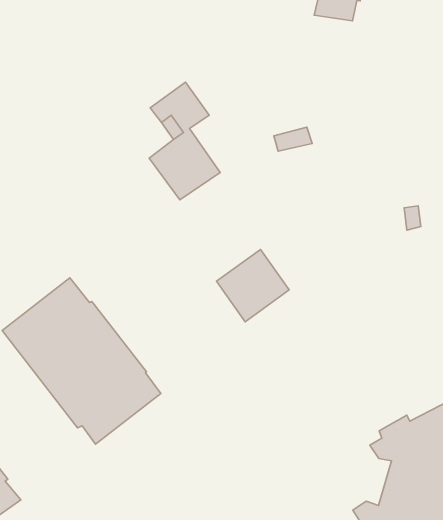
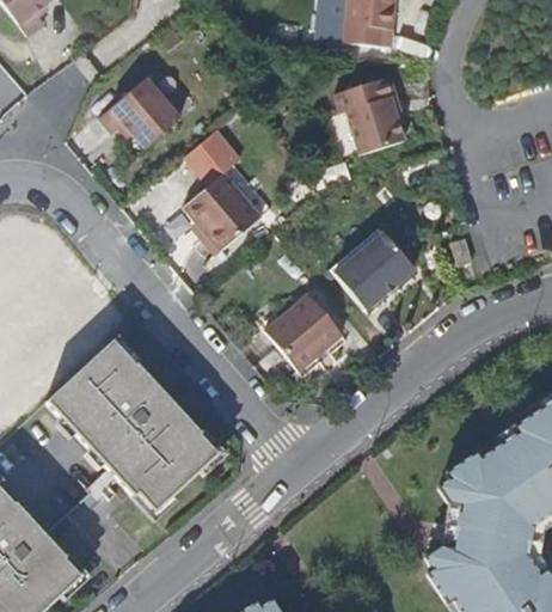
building: none -> [99,76,180,148]
building: none -> [333,72,401,151]
building: none -> [337,230,417,311]

